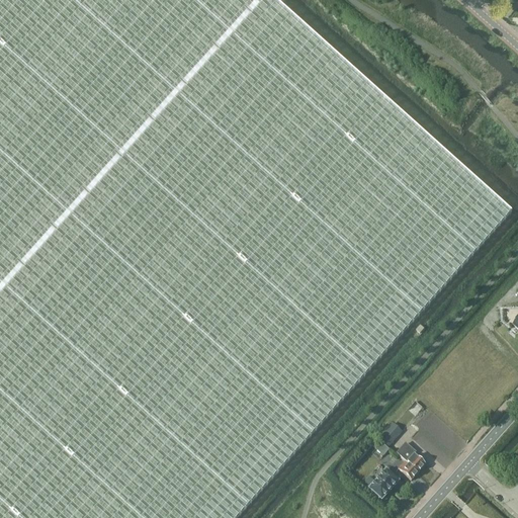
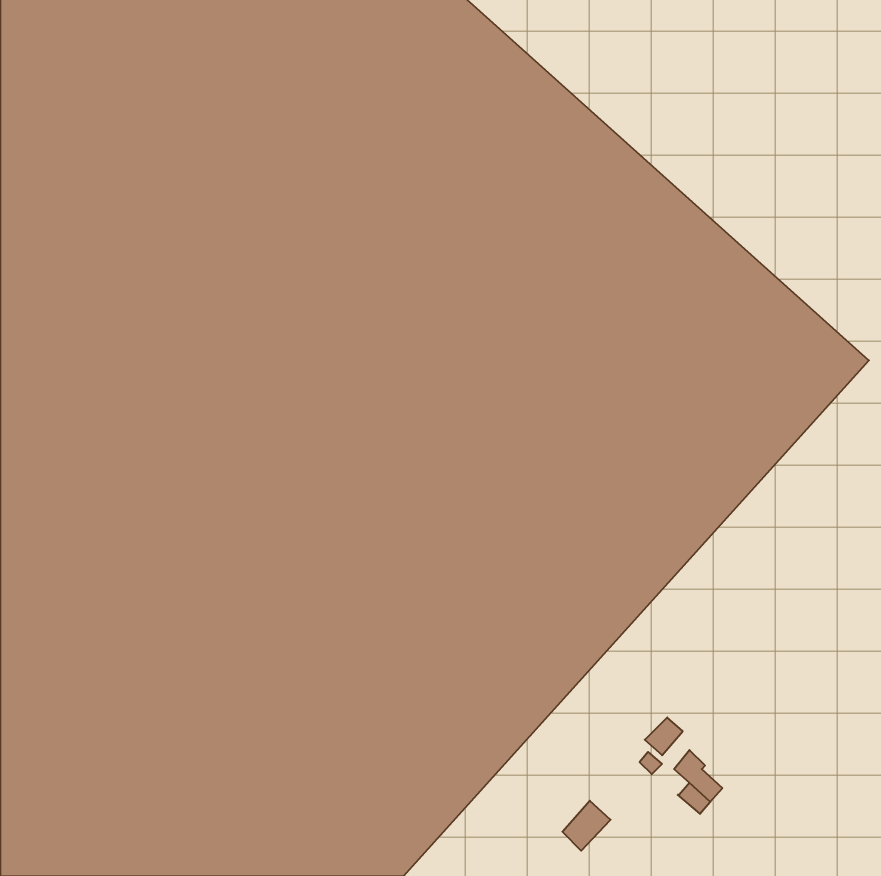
building: [369,468,398,498] -> [562,801,611,851]

